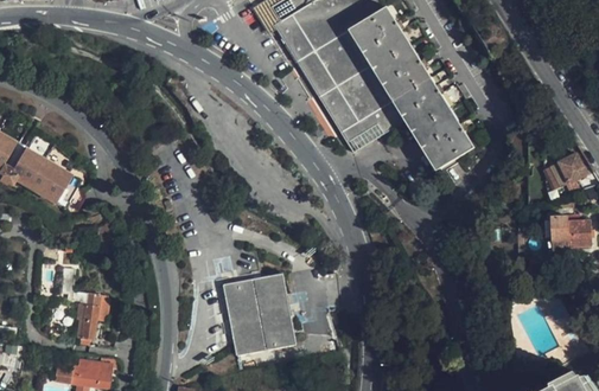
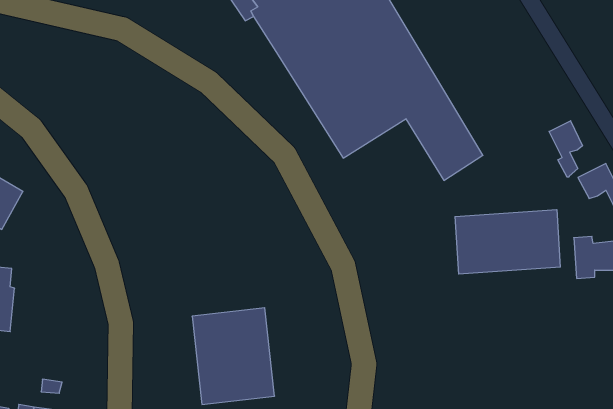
building: none -> [549,121,583,177]
building: none -> [455,210,560,274]
building: [75,294,97,339] -> none

